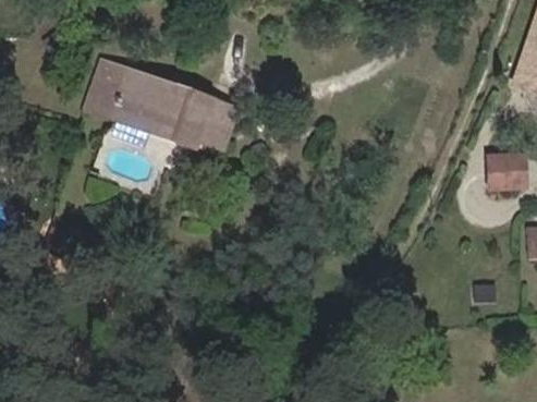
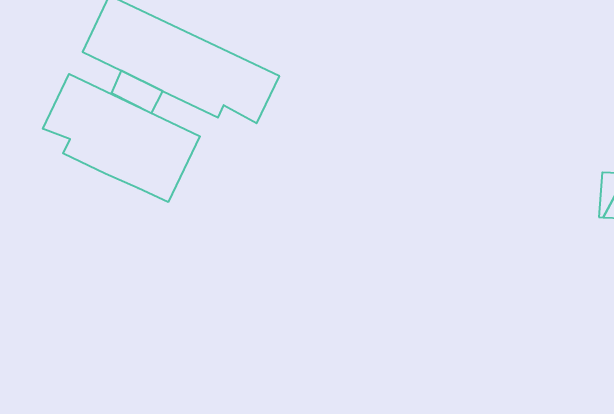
building: none -> [43,74,200,202]

